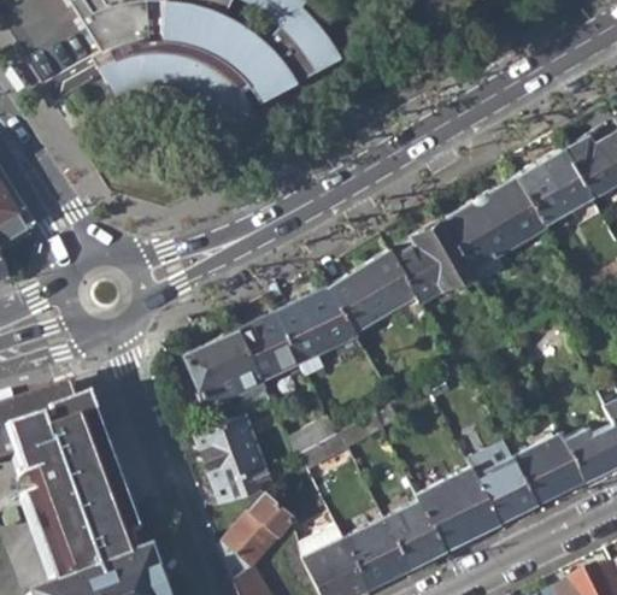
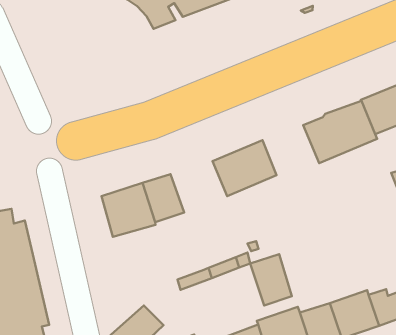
building: [394,220,476,304] -> none
building: [276,288,358,363] -> none
building: none -> [250,254,292,306]
building: [195,417,269,503] -> none

